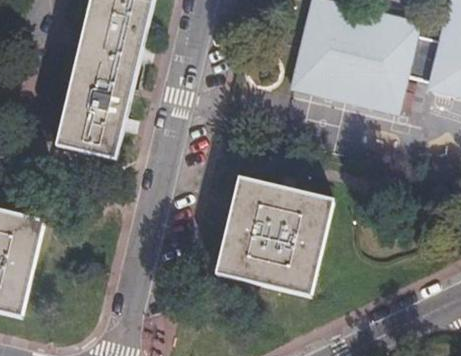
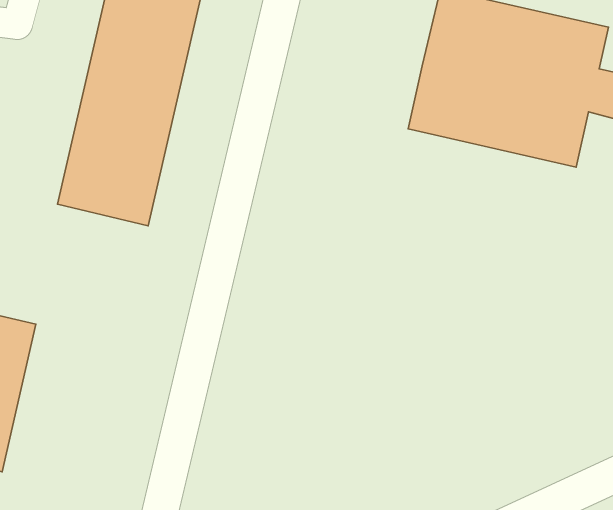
building: [220,177,336,292] -> none

